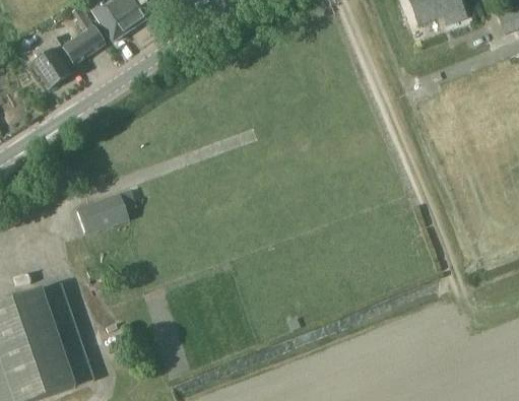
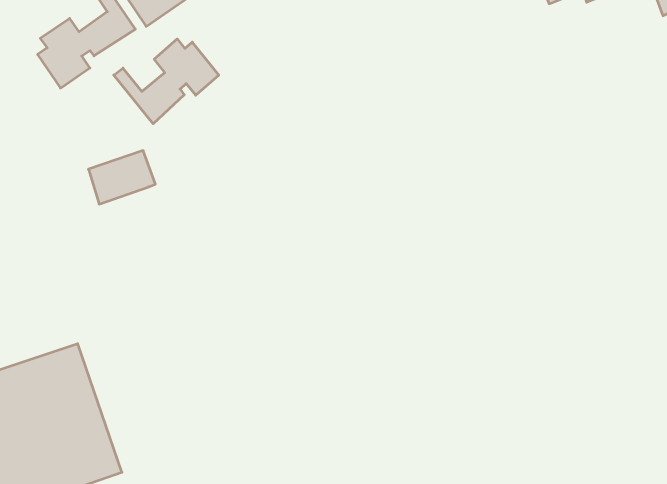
building: none -> [114,39,219,124]
building: [77,194,128,235] -> [88,151,155,204]

